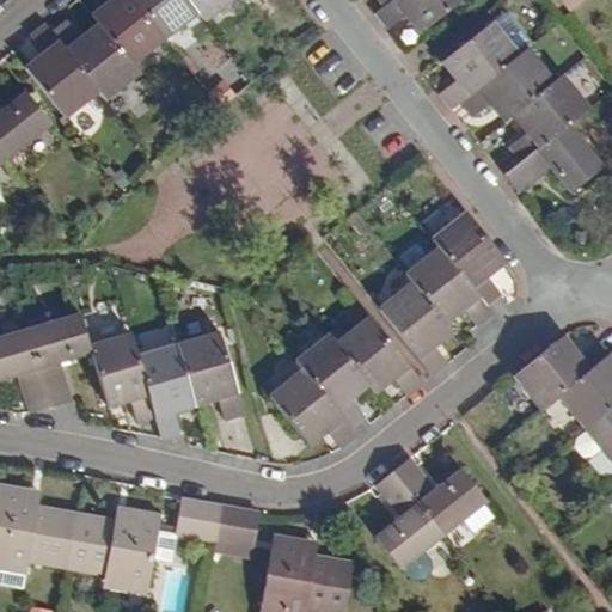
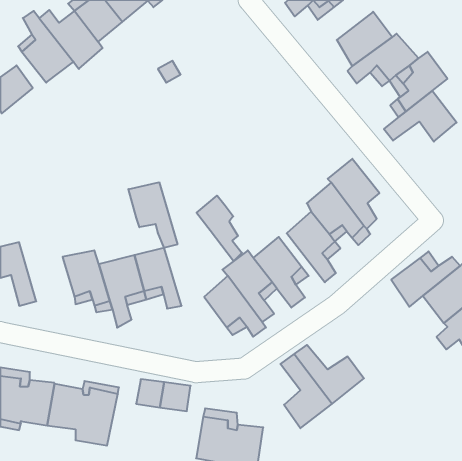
building: none -> [128,182,177,248]
building: none -> [197,196,242,261]
building: [27,311,86,400] -> none

